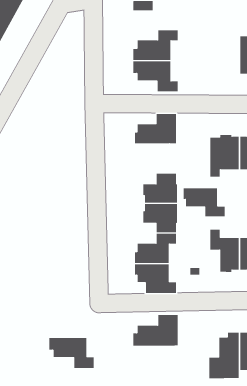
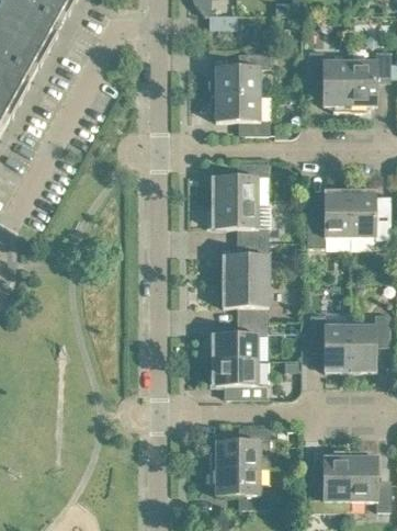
building: none -> [309,50,350,111]
building: [183,188,225,217] -> [212,202,268,240]
building: [49,337,95,368] -> [209,467,270,508]

